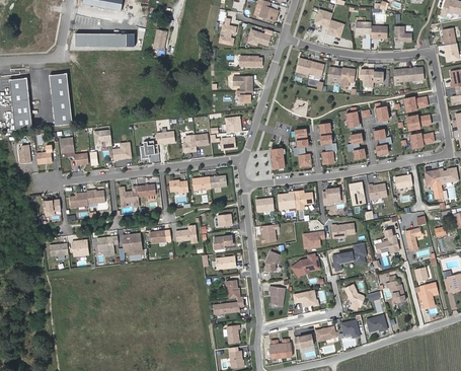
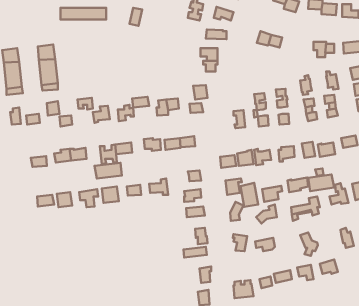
building: [327,67,355,87] -> none
building: none -> [95,163,122,178]
building: none -> [308,174,334,191]
building: none -> [240,183,258,207]

